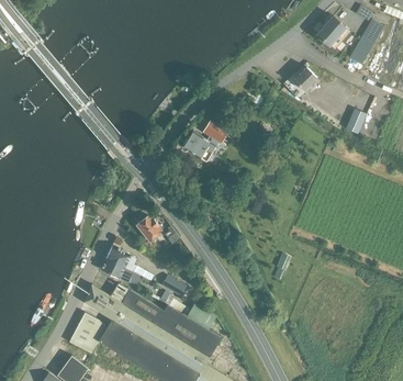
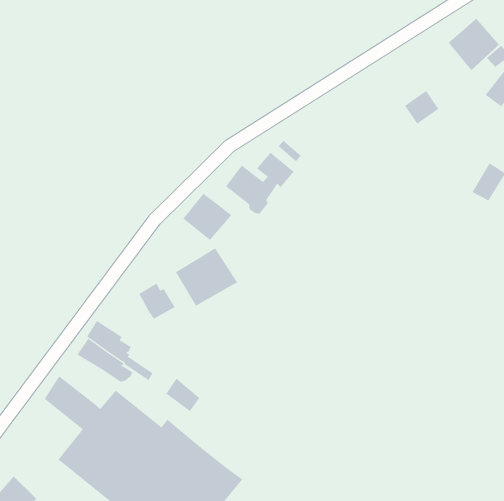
building: none -> [183,193,232,241]
building: none -> [175,247,238,306]
building: [68,313,104,352] -> none

